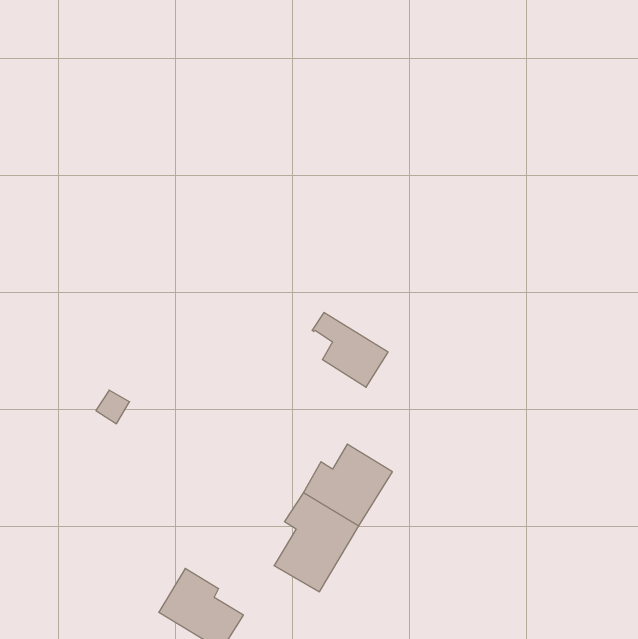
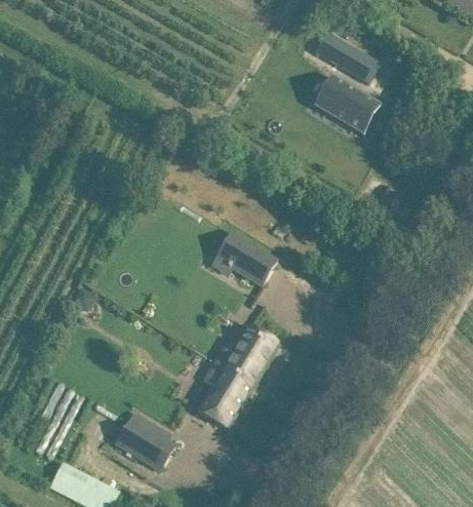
building: none -> [317,33,381,82]
building: none -> [313,75,382,134]

